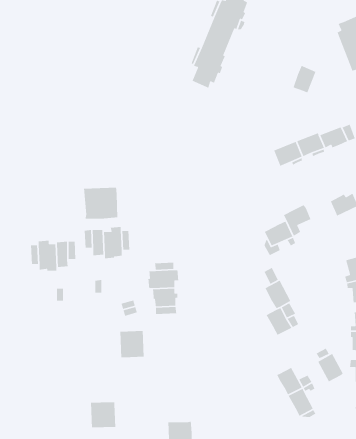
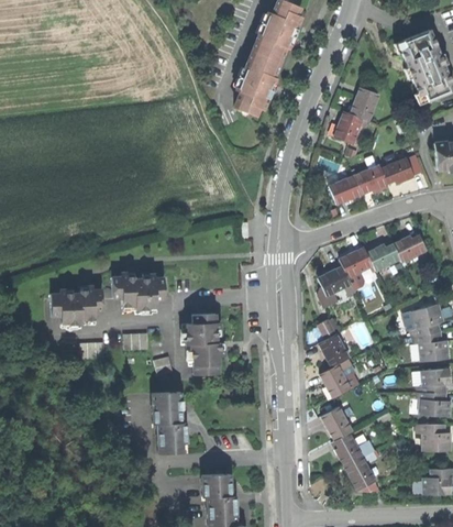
building: none -> [334,112,363,144]
building: [83,187,118,219] -> none
building: none -> [367,244,400,271]
building: [317,353,344,383] -> [322,407,353,441]
building: [90,401,116,428] -> [157,422,187,453]
building: none -> [202,473,231,497]

